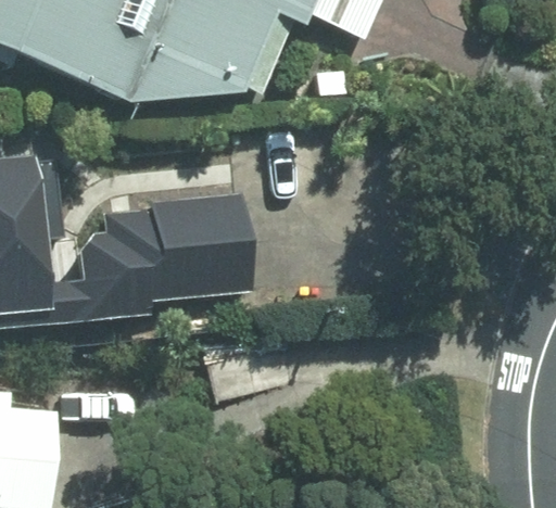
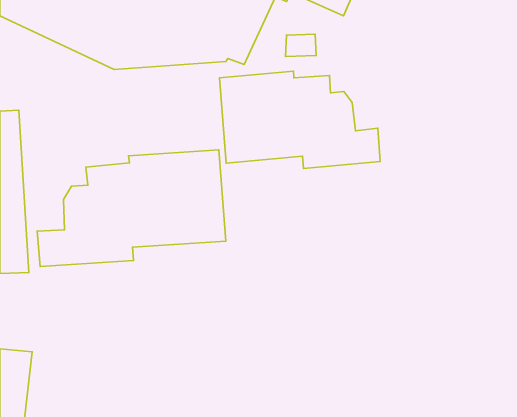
building: none -> [219,71,380,168]

